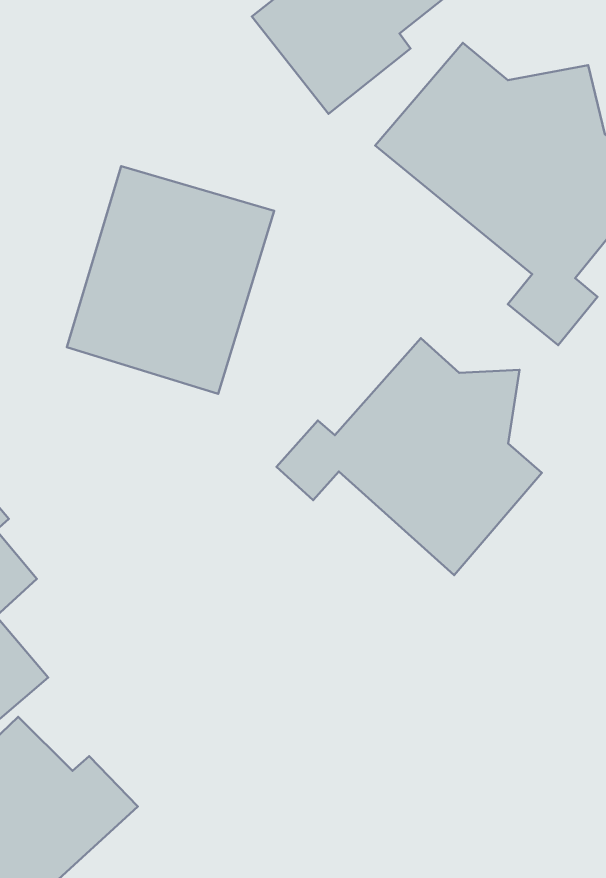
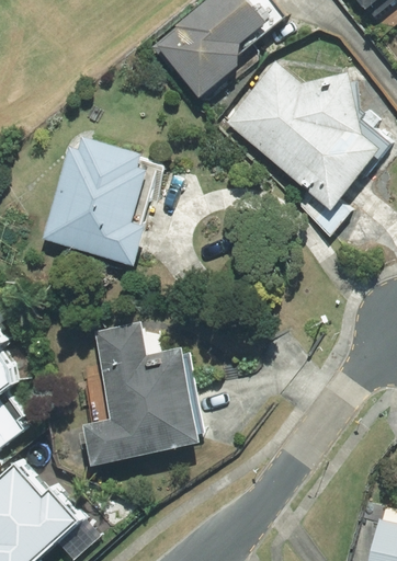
building: [277,338,542,575] -> none
building: none -> [83,319,206,466]

